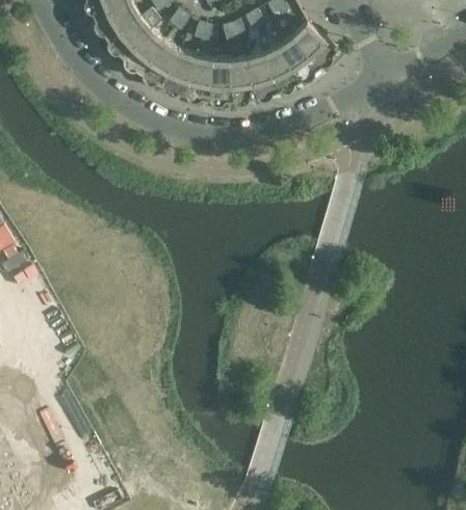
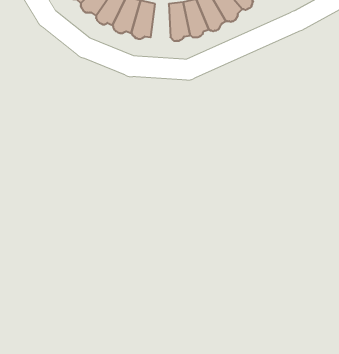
building: [205,56,229,102] -> none

